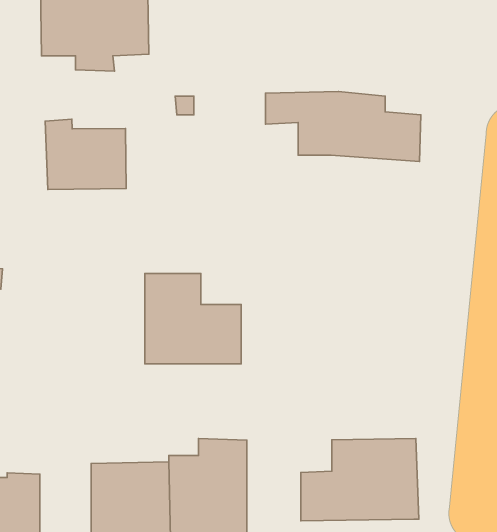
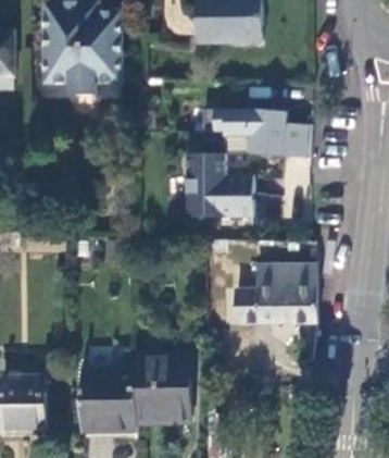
building: [45,119,126,189] -> none
building: [145,274,241,364] -> [186,153,253,216]
building: [301,438,419,521] -> [236,265,318,323]

